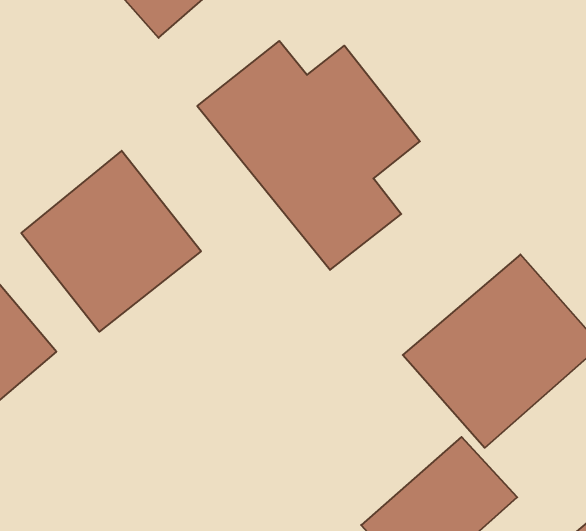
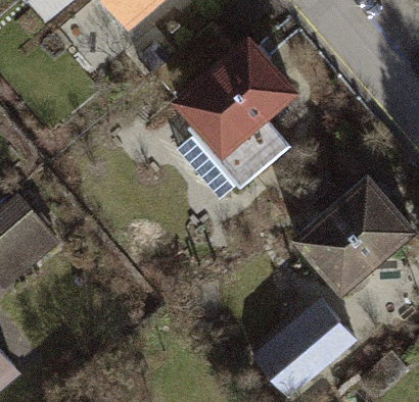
building: [21,151,201,332] -> none

